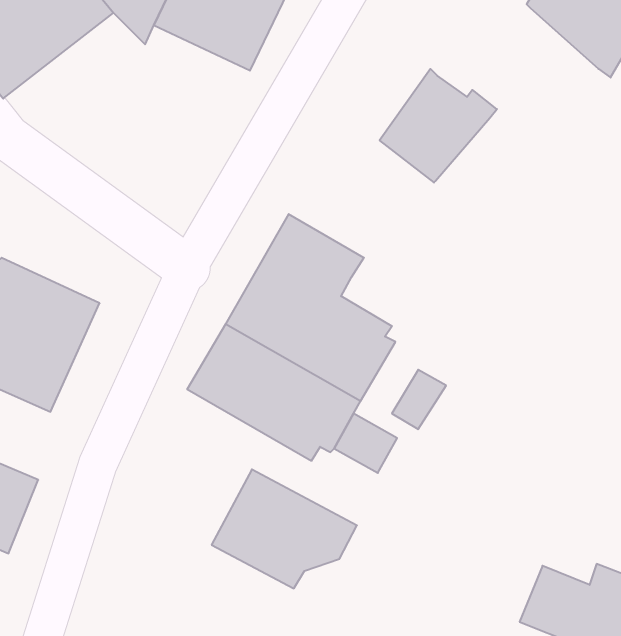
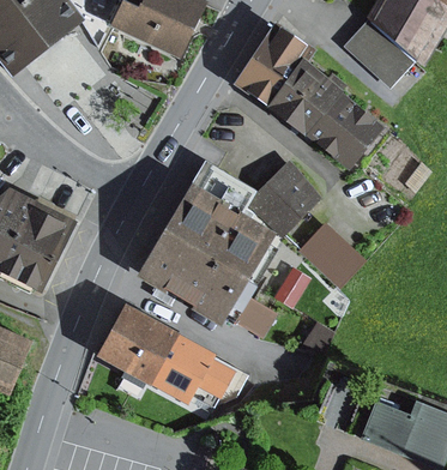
building: none -> [344,17,416,88]
building: none -> [231,22,315,108]
building: none -> [304,92,383,171]
building: none -> [247,157,321,236]
building: none -> [298,219,367,287]
building: none -> [96,305,179,385]

